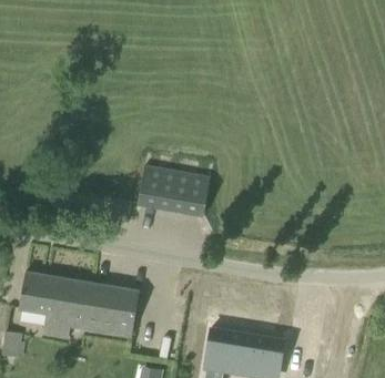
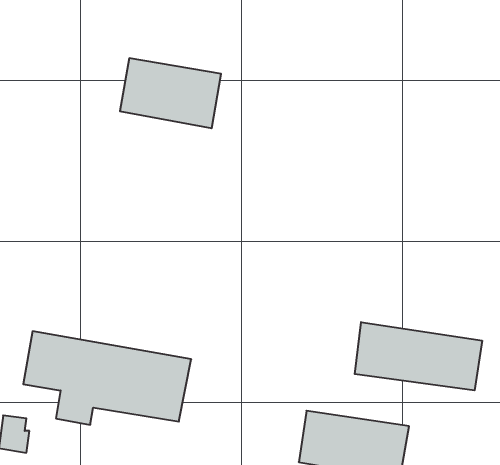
building: [138,167,210,217] -> [120,58,221,128]
building: none -> [355,322,482,390]

